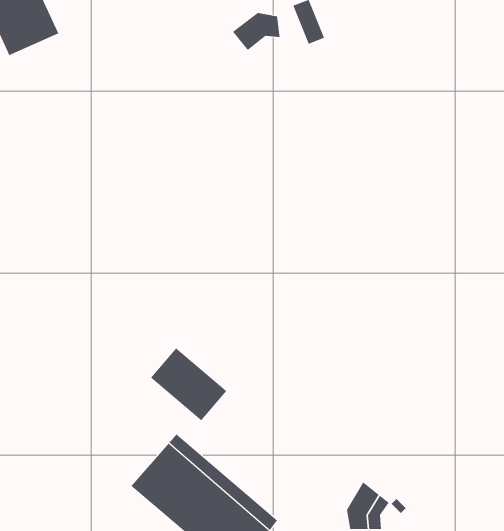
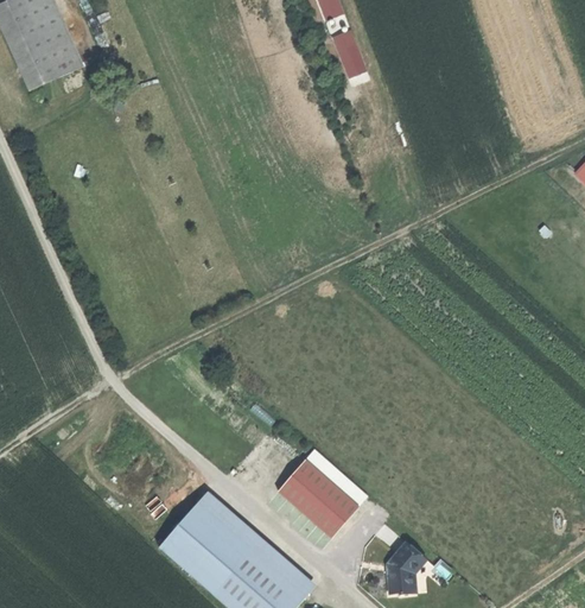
building: [232,12,280,51] -> none
building: [150,347,227,421] -> [276,458,358,537]

